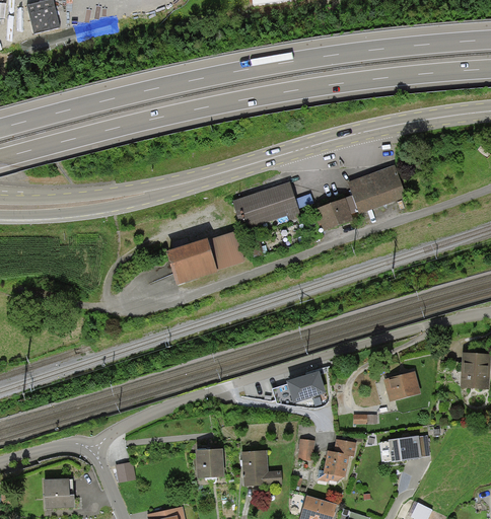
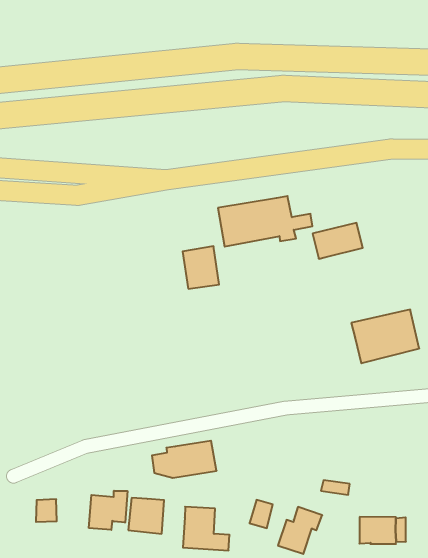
building: [345,164,405,215] -> [351,310,419,363]
building: [165,239,217,283] -> none
building: [272,369,328,404] -> [152,441,217,478]
building: [382,371,420,401] -> none
building: none -> [89,491,127,530]

